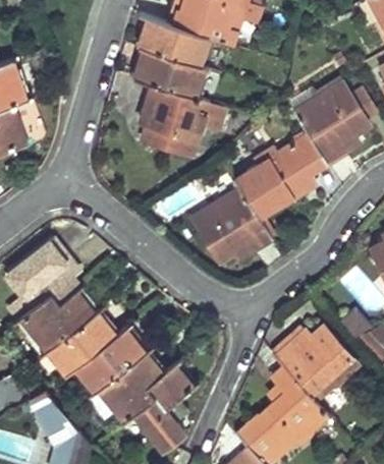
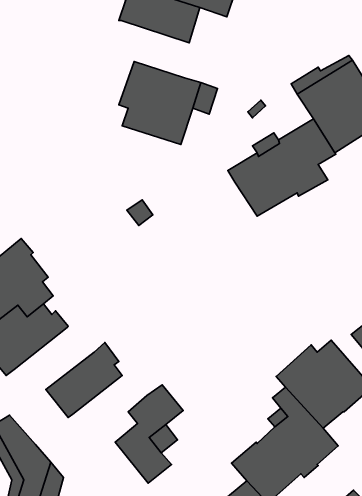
building: [135,48,205,98] -> none
building: [191,188,272,264] -> none
building: [48,314,117,375] -> none
building: [99,352,163,422] -> none

